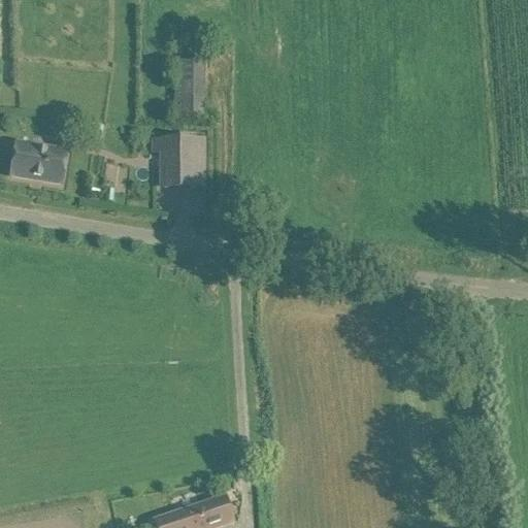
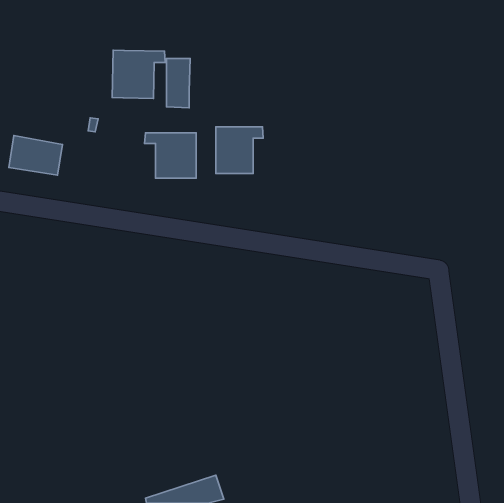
building: none -> [112,50,165,98]
building: none -> [216,127,263,173]

